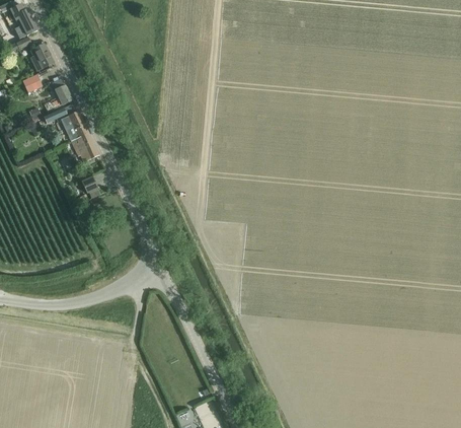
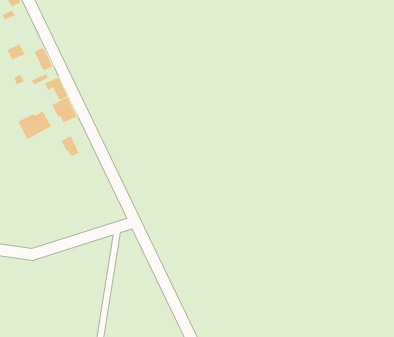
building: [29,43,54,71] -> none
building: none -> [18,111,52,140]

